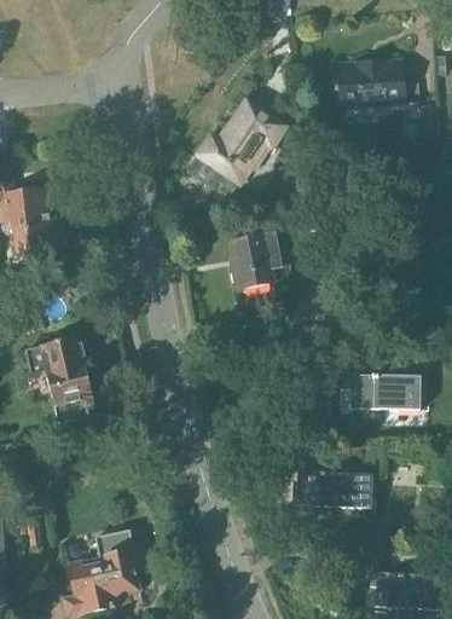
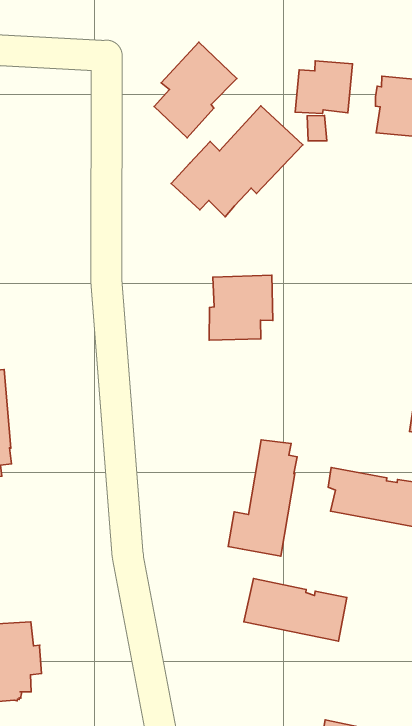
building: none -> [295,61,353,114]
building: none -> [154,42,237,138]
building: none -> [228,440,297,556]

